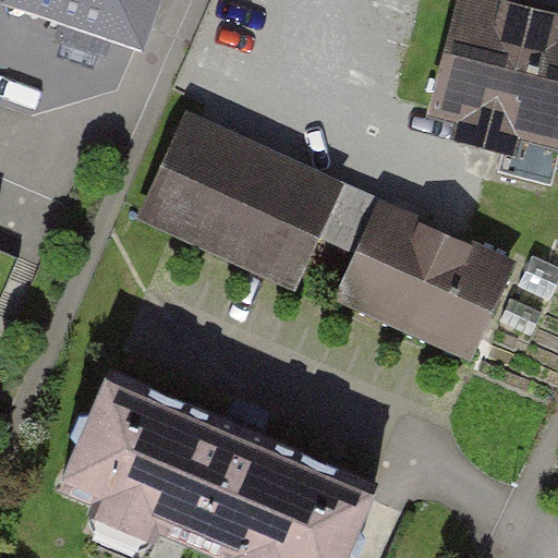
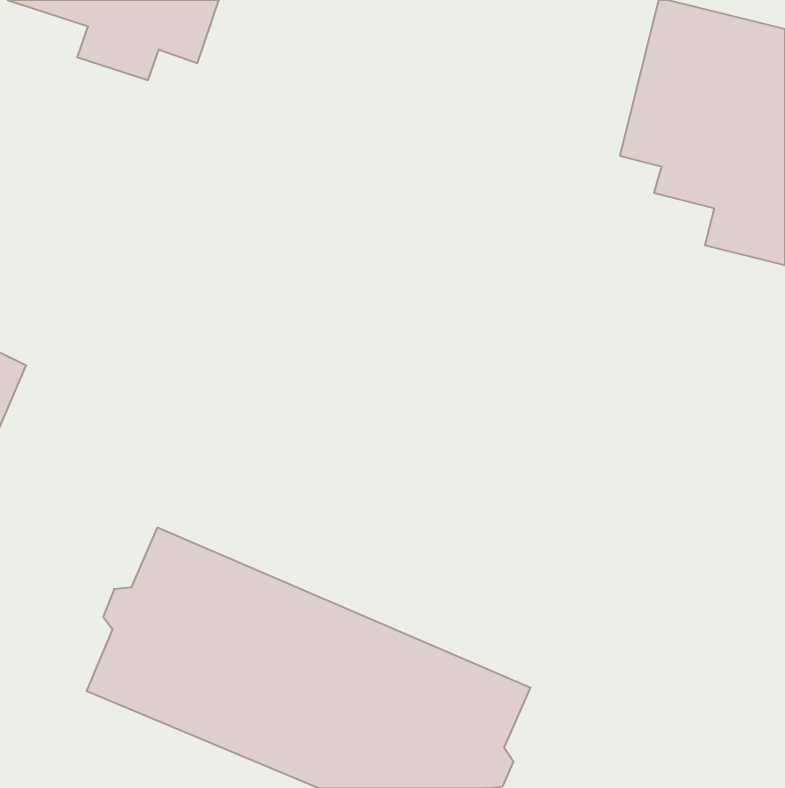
building: [150,125,330,278] -> none
building: [343,211,508,351] -> none

